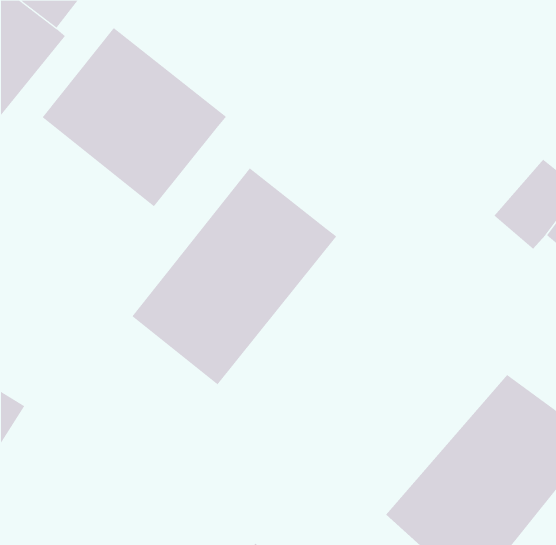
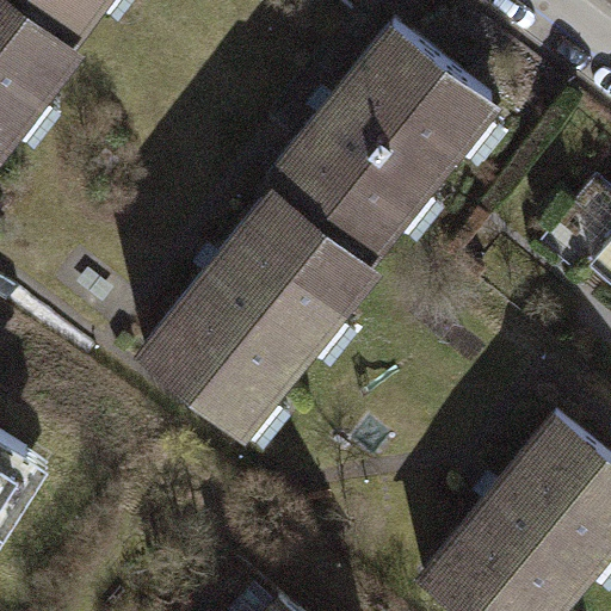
building: none -> [265,30,488,265]
building: [42,27,227,207] -> none

